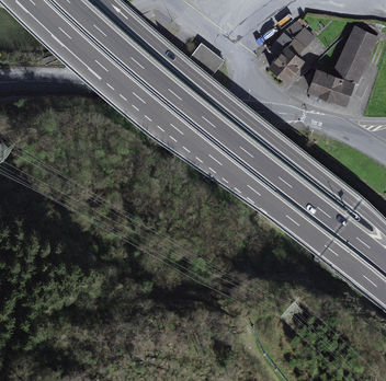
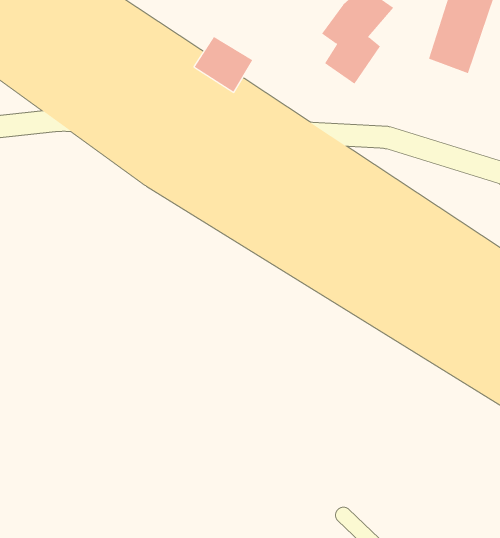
building: [307,67,355,105] -> none

